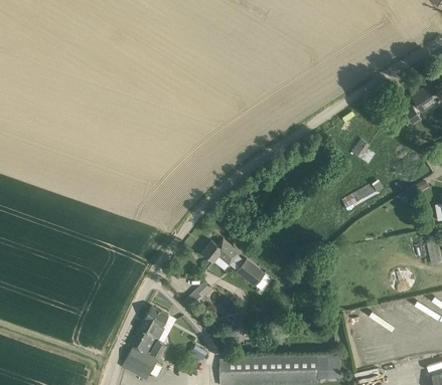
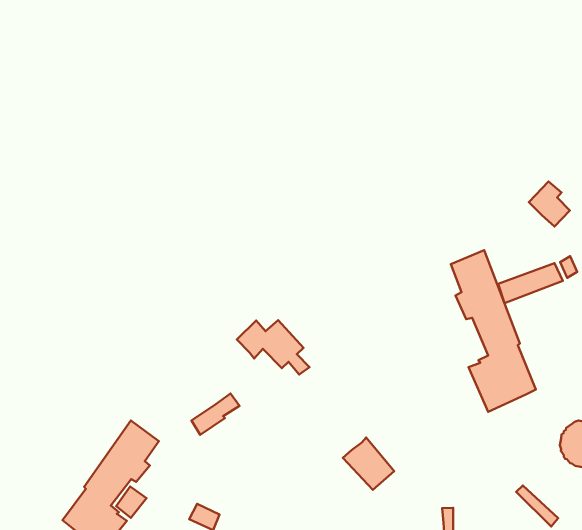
building: none -> [451,250,536,412]
building: [236,258,265,286] -> [343,438,394,490]

